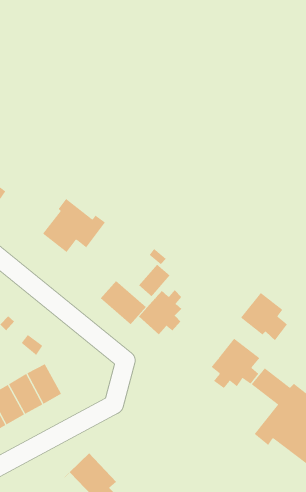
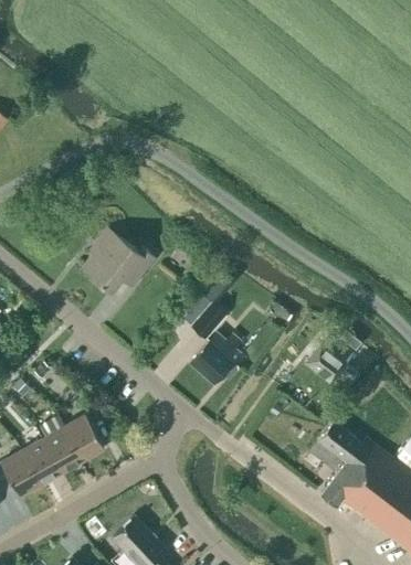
building: [100,280,147,325] -> none
building: [211,338,260,389] -> none

